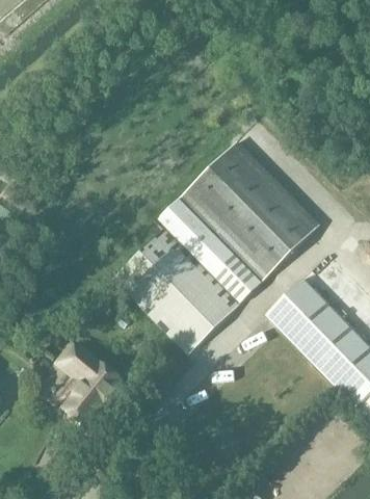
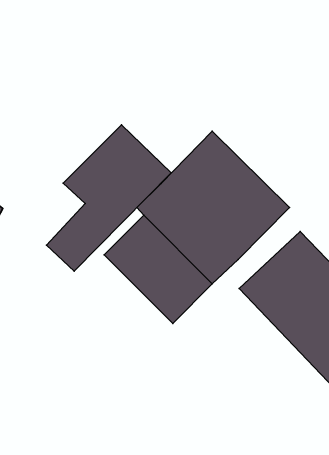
building: none -> [47,125,171,271]
building: [56,340,120,424] -> none

